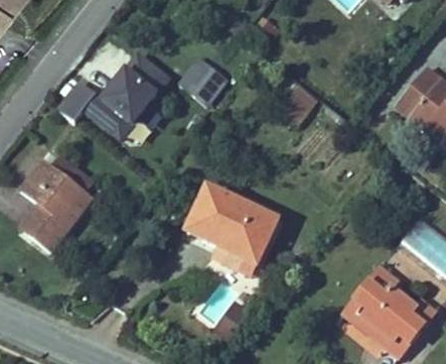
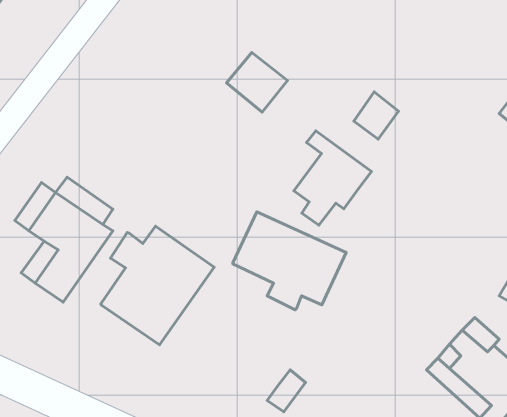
building: [57,53,166,136] -> none
building: none -> [294,131,372,225]
building: none -> [101,226,214,345]

